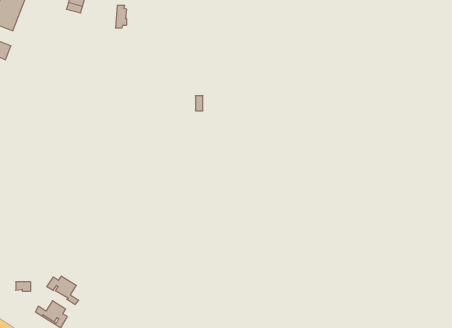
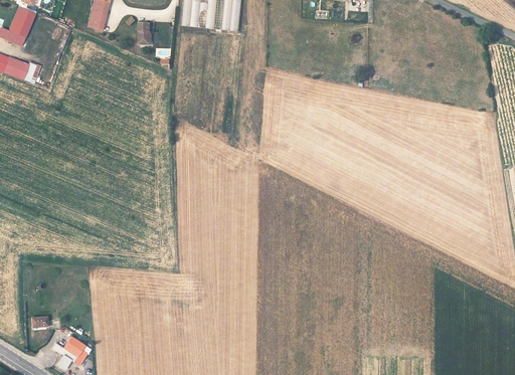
building: [47,276,79,305] -> none

